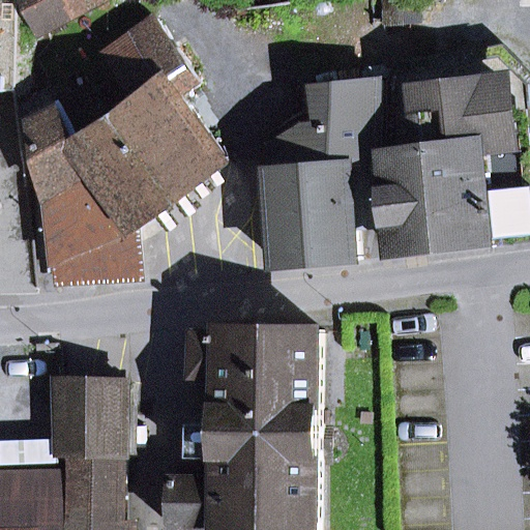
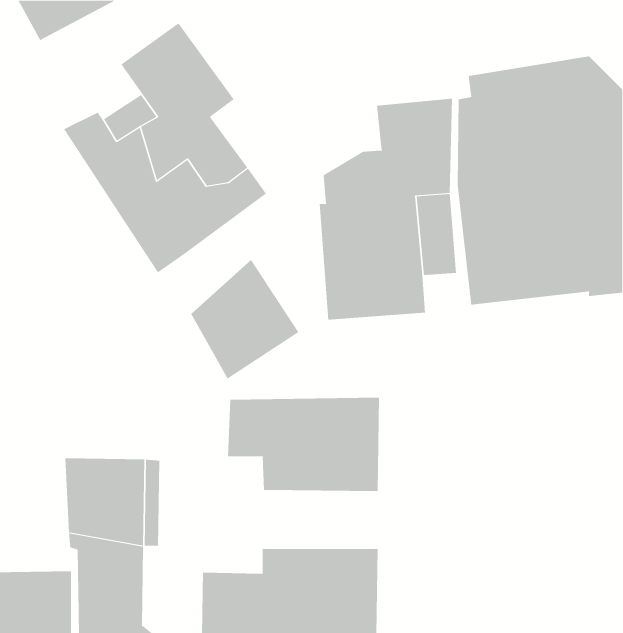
building: [23,109,137,285] -> none
building: none -> [191,259,299,380]
building: [187,410,316,461] -> none

